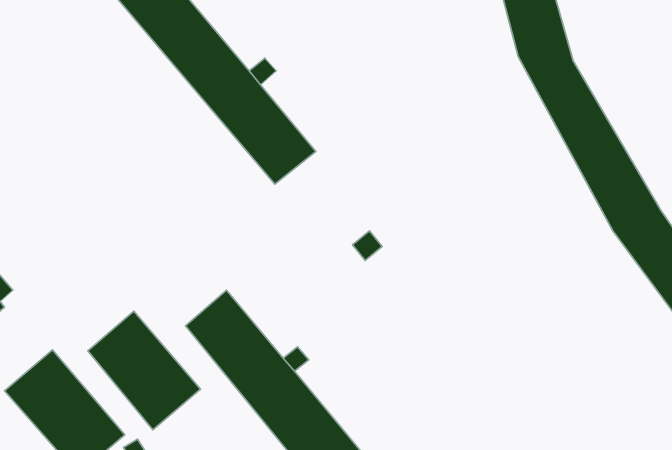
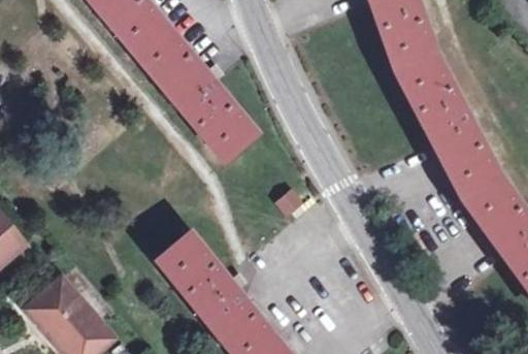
building: [88,311,201,430] -> none

